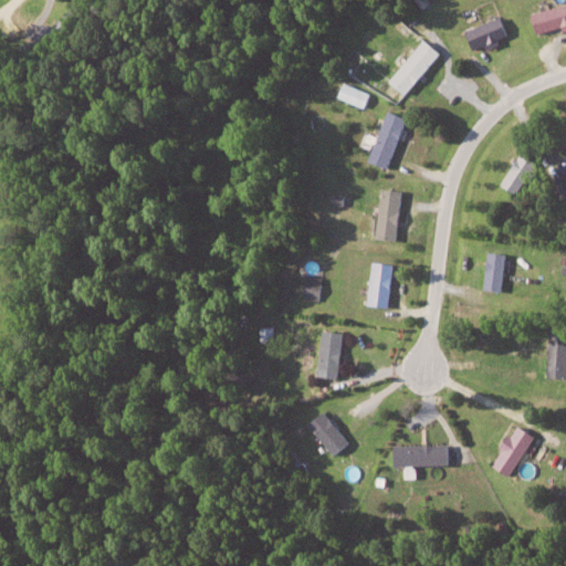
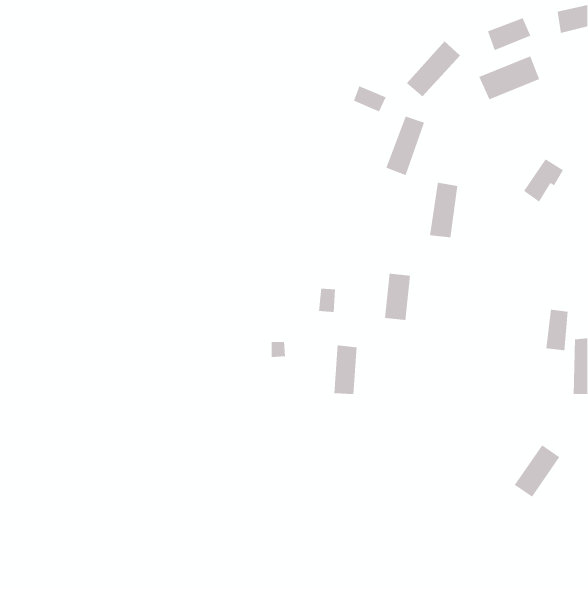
building: none -> [479,55,540,100]
building: [375,189,402,242] -> [429,182,458,238]
building: [482,253,504,293] -> [545,309,569,351]
building: [308,412,349,458] -> none
building: [395,446,450,468] -> none

